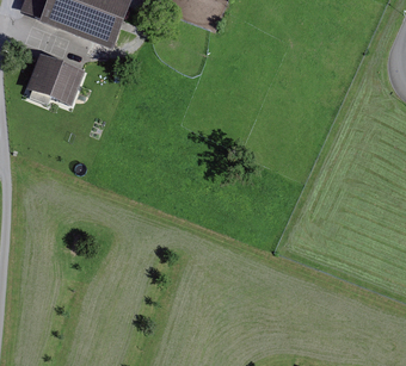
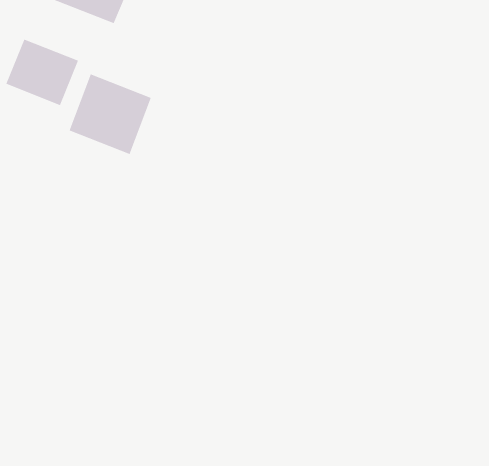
building: none -> [69,74,152,155]

